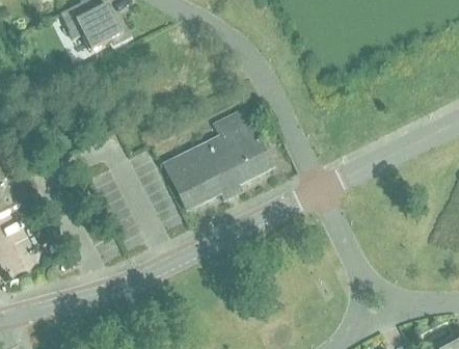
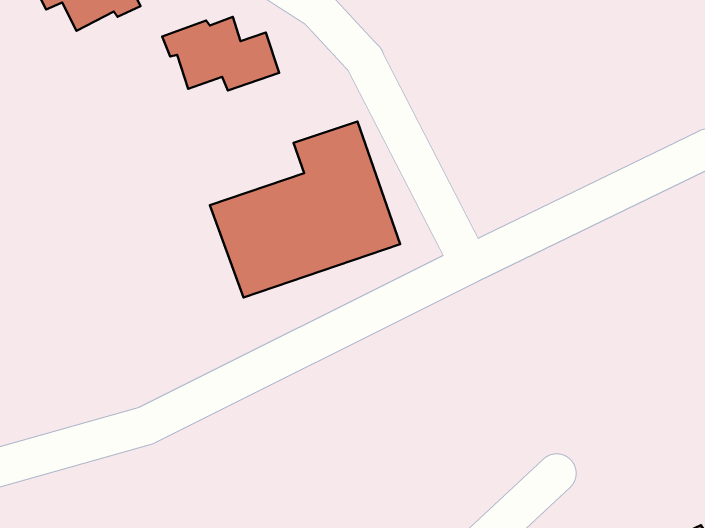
building: none -> [162,17,279,91]

